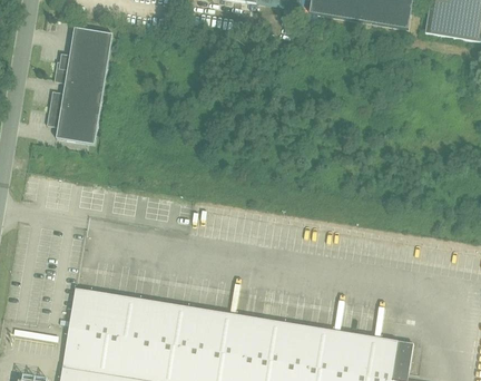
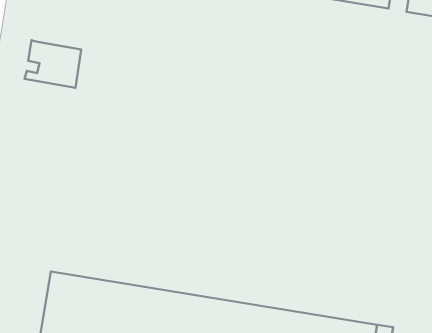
building: [61,28,112,70] -> none
building: [46,99,100,145] -> none

